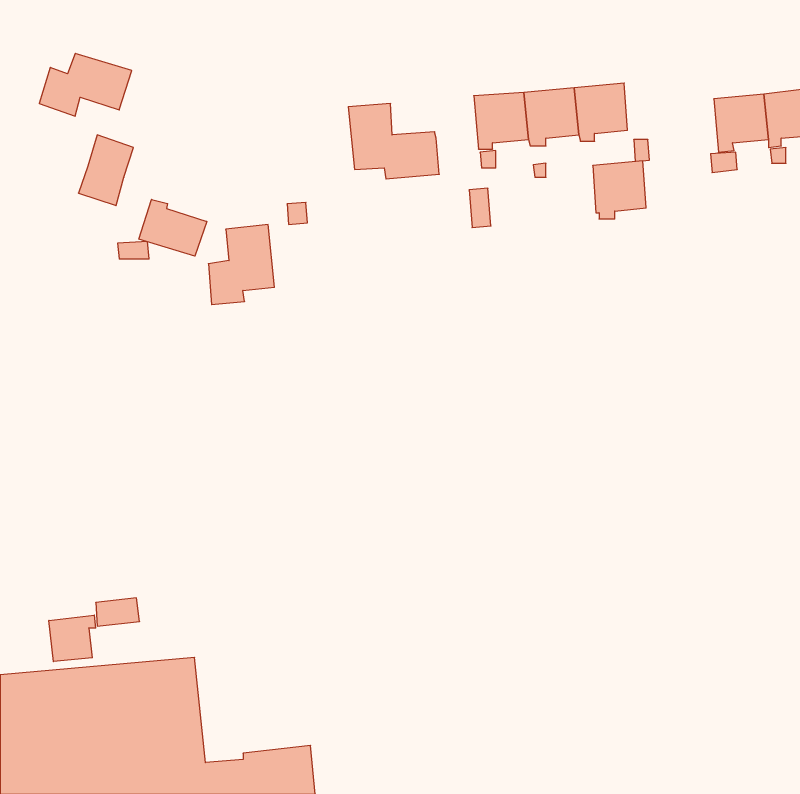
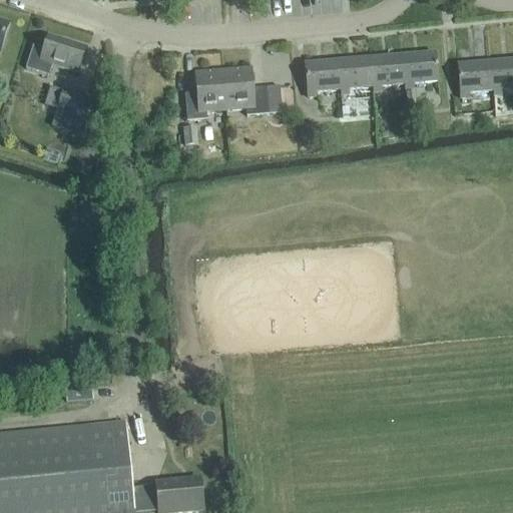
building: [593,161,646,219] -> [400,50,434,87]
building: [139,199,207,256] -> none
building: [208,225,274,305] -> [185,68,227,119]
building: [49,615,96,662] -> none

